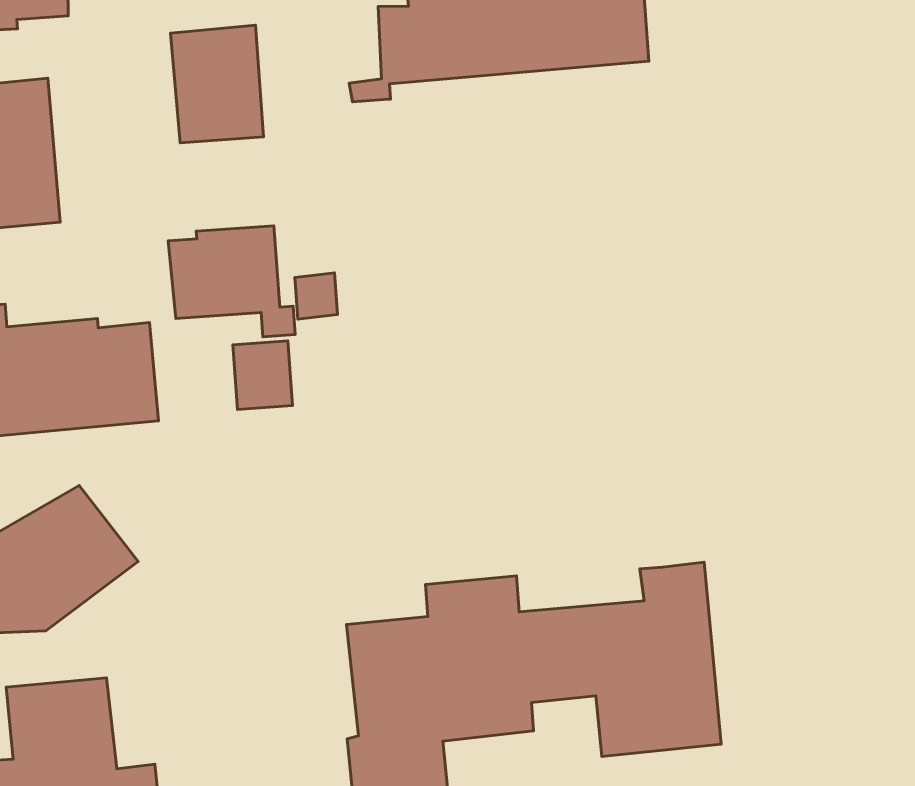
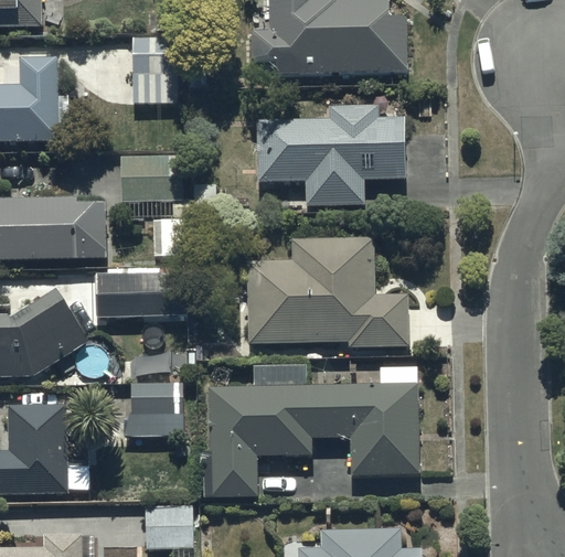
building: none -> [255,106,404,204]
building: none -> [245,237,408,347]
building: none -> [84,268,156,313]
building: none -> [131,382,194,437]

